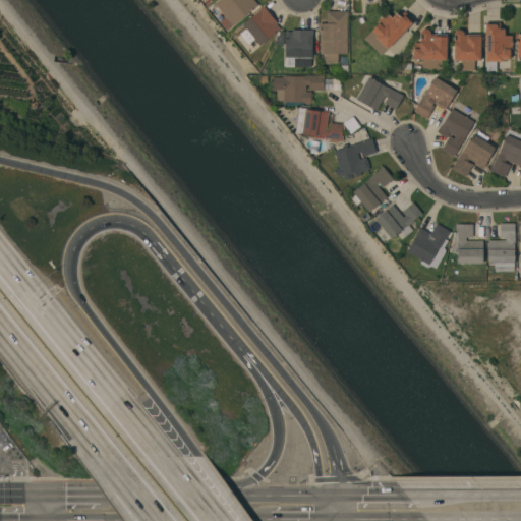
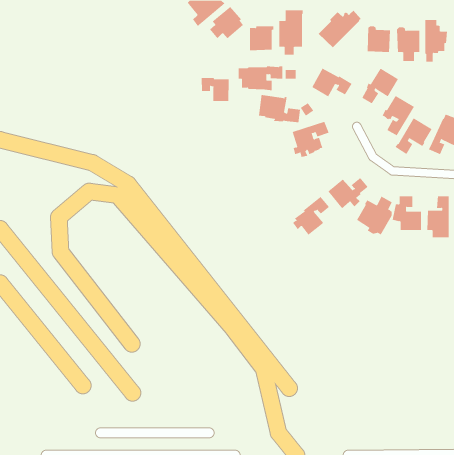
building: none -> [201,77,229,102]
building: [351,167,394,212] -> [292,196,330,235]

